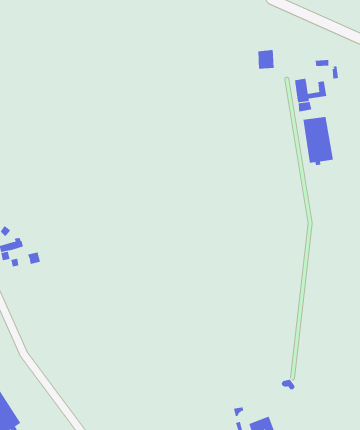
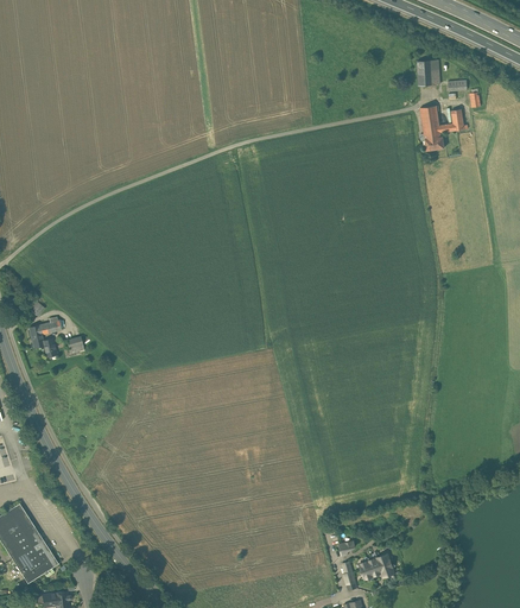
building: [257,49,274,69] -> [416,59,438,86]
building: [303,116,333,166] -> none

